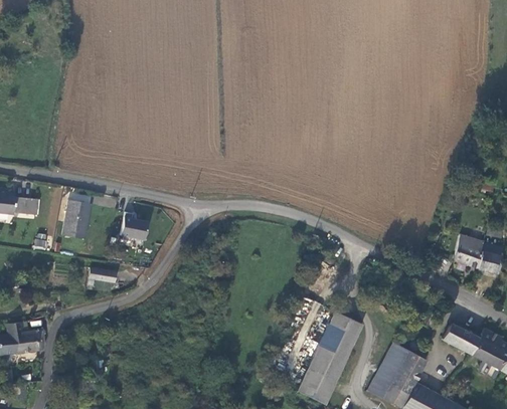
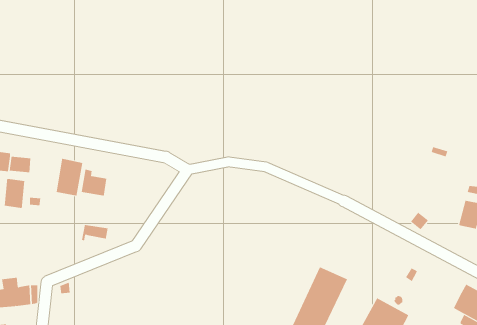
building: [121,211,148,239] -> [81,169,107,196]
building: none -> [4,178,25,209]
building: [454,234,484,268] -> none
building: [443,323,480,354] -> none

